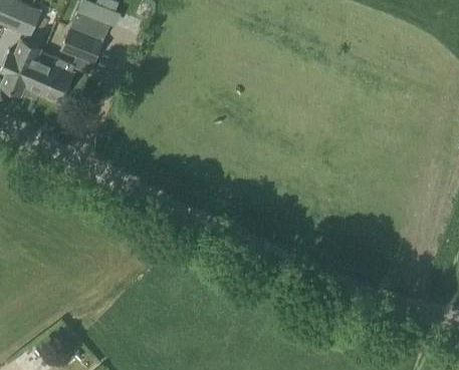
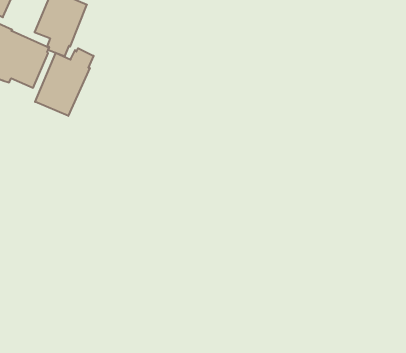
building: none -> [35,48,94,116]

